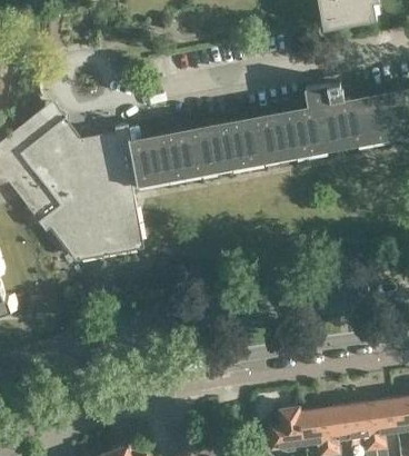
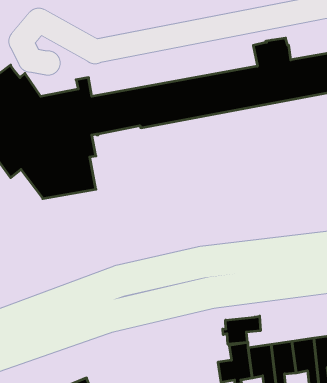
building: none -> [223,316,260,344]

